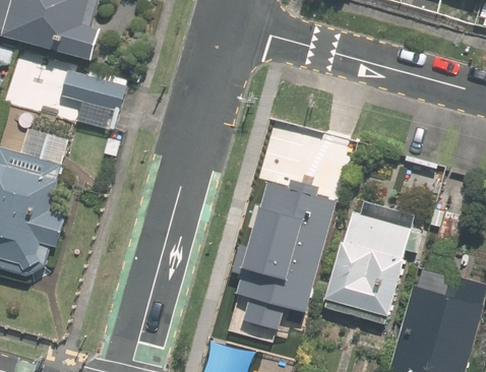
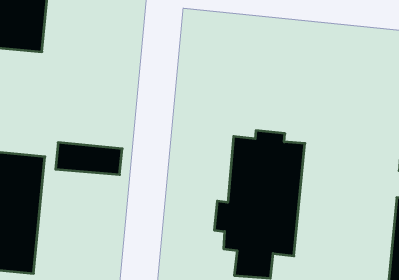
building: [58,68,128,111] -> [56,143,122,175]
building: [322,209,411,318] -> none

